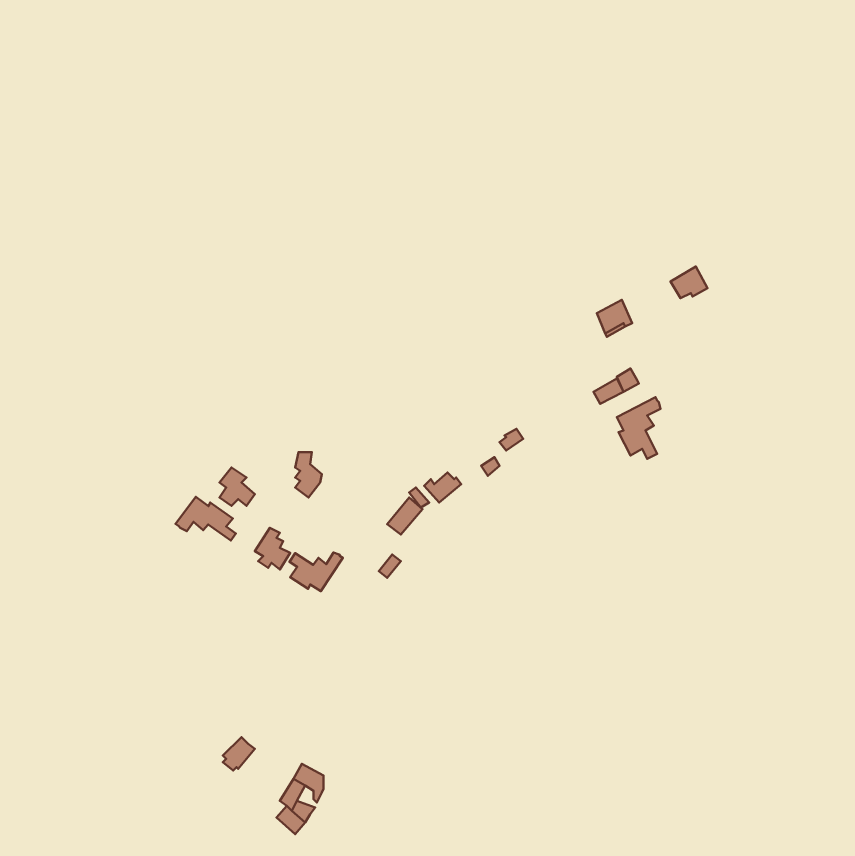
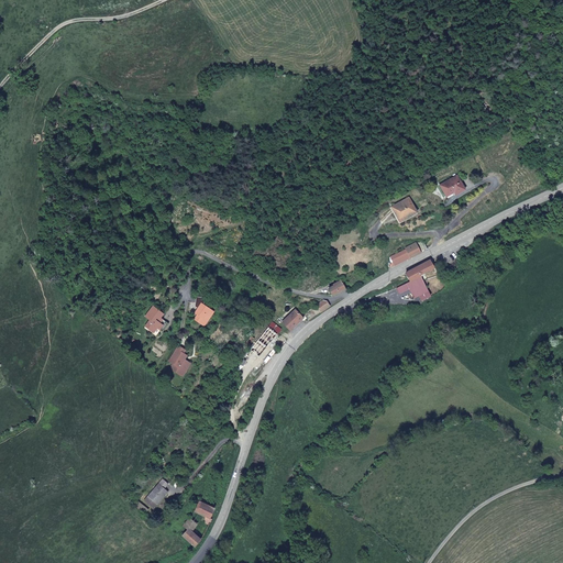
building: [175,497,236,541] -> none
building: [290,553,343,591] -> none

